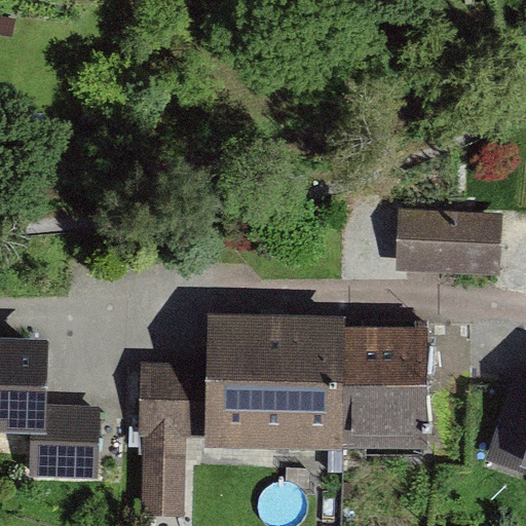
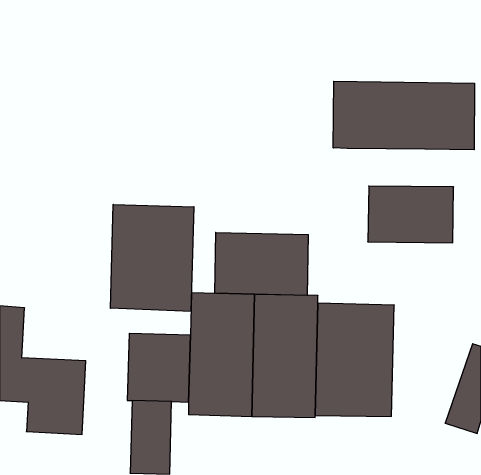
building: none -> [333,81,474,150]
building: none -> [110,204,194,311]
building: none -> [215,232,308,295]

